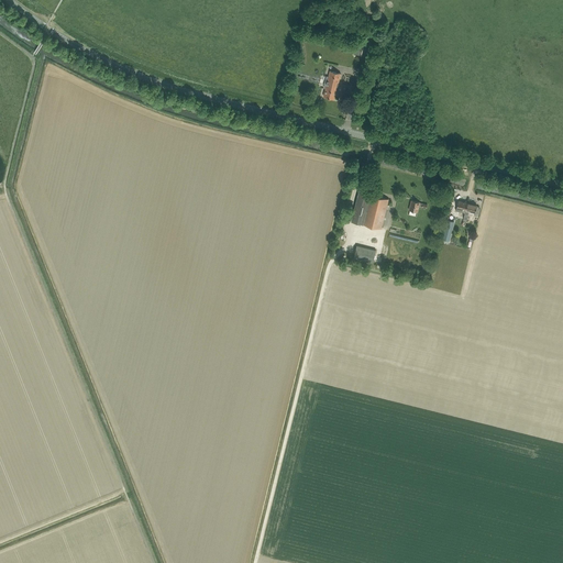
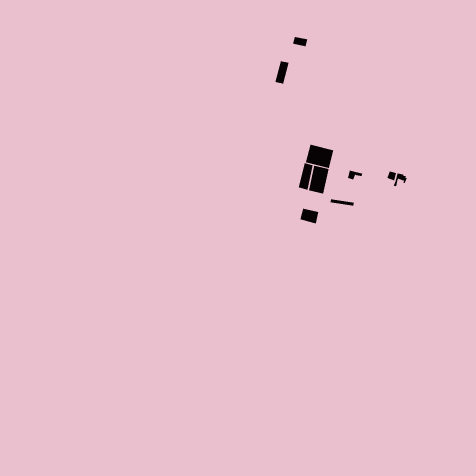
building: none -> [305,144,334,169]

